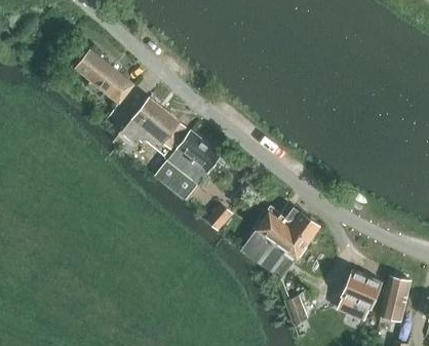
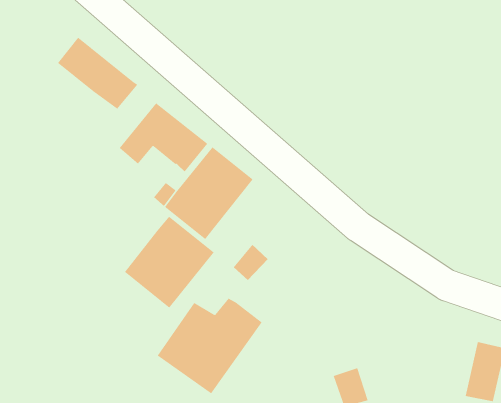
building: none -> [124,216,215,308]
building: [240,208,319,280] -> [157,298,262,394]
building: [338,269,382,312] -> none

